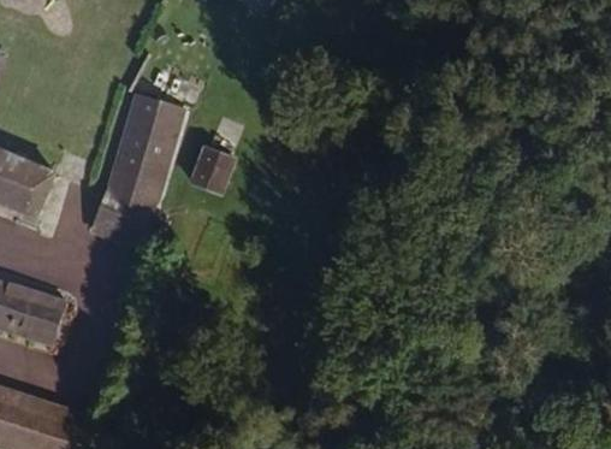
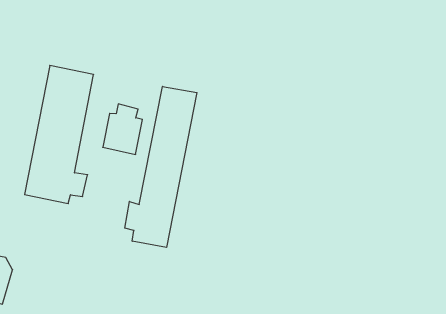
building: none -> [125,86,197,247]

